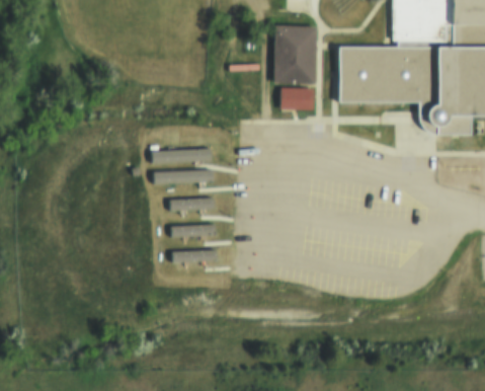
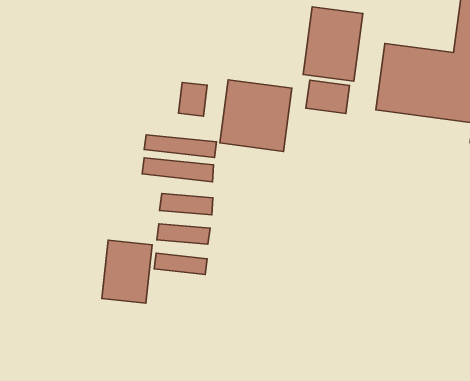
building: none -> [220,80,292,151]
building: none -> [179,82,207,116]
building: none -> [102,240,152,303]

